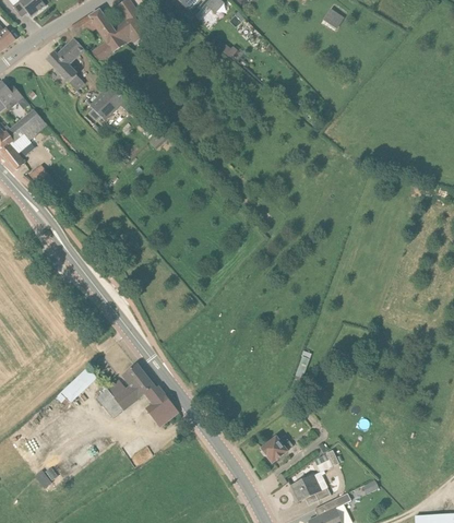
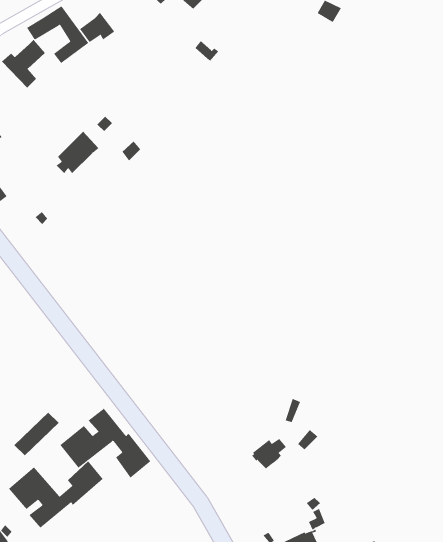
building: [89,82,128,120] -> [56,131,99,174]
building: none -> [8,461,104,528]
building: [260,436,291,463] -> [251,438,287,469]

